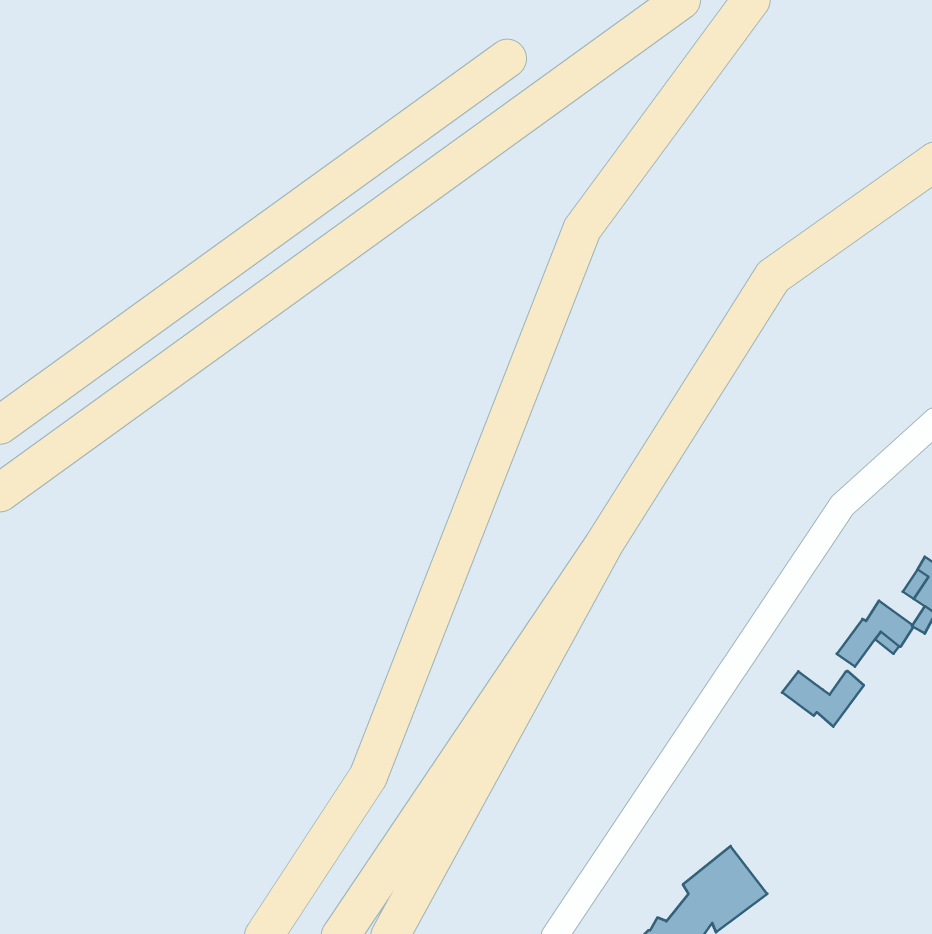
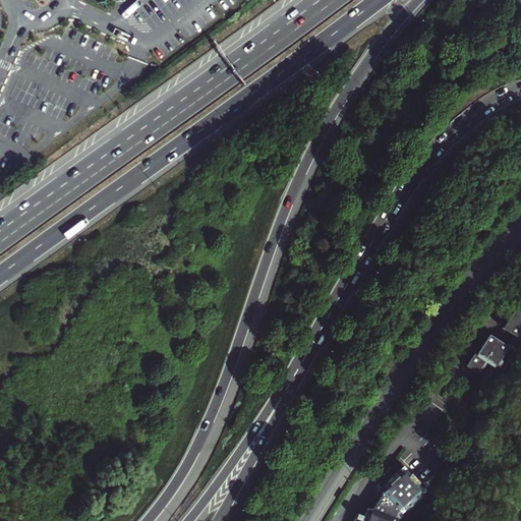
building: [782,671,864,727] -> none

